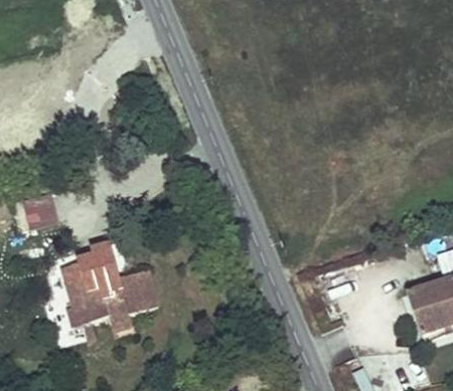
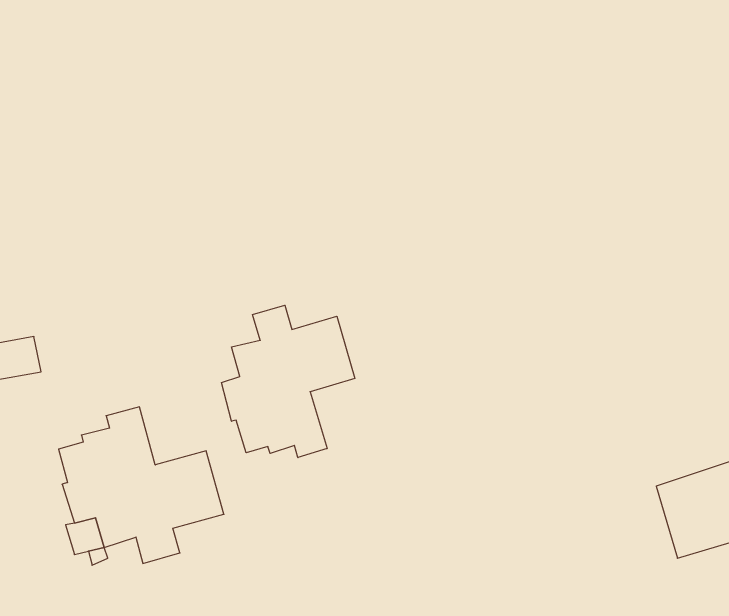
building: none -> [222,305,355,458]

